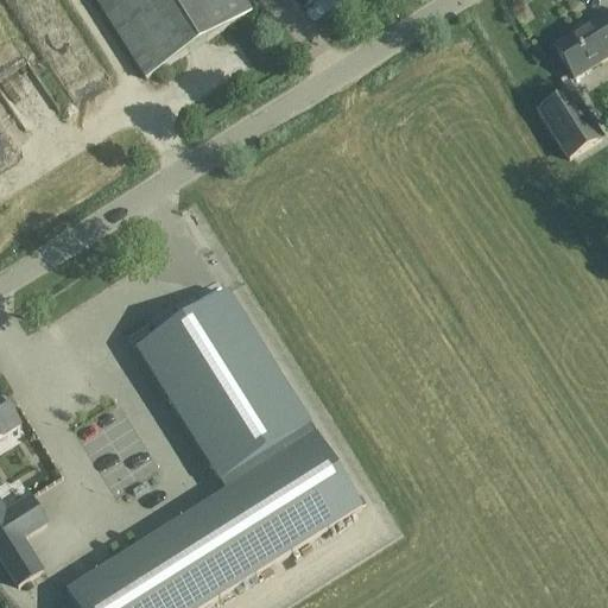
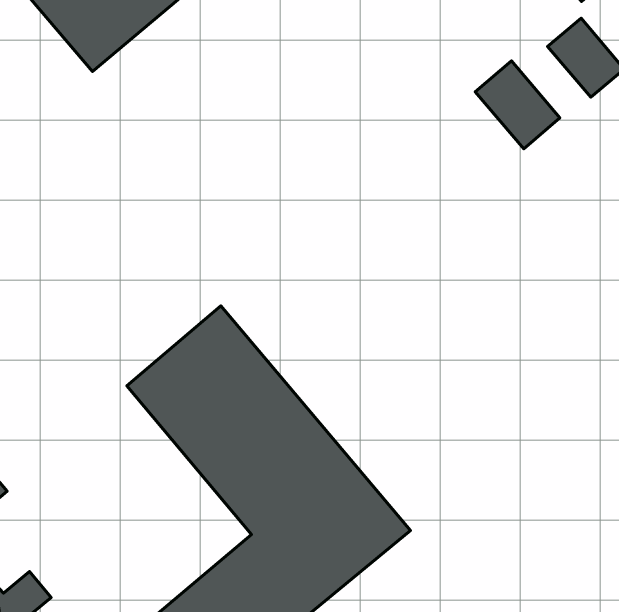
building: none -> [475,61,560,149]

